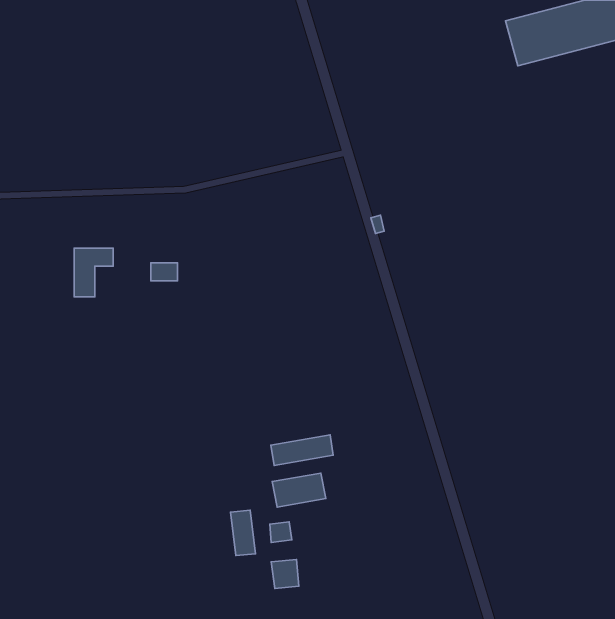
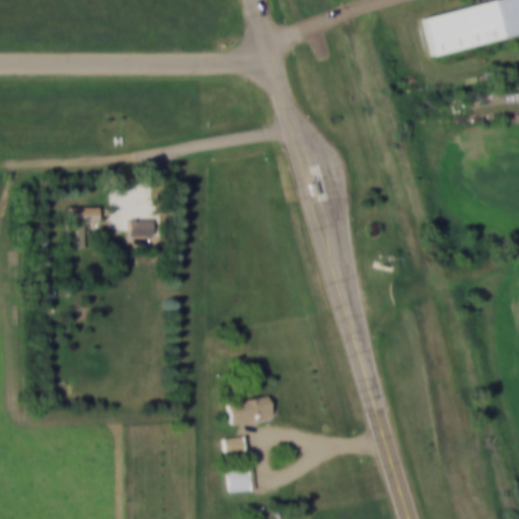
building: [271,435,333,465] -> none
building: [231,510,255,556] -> none

